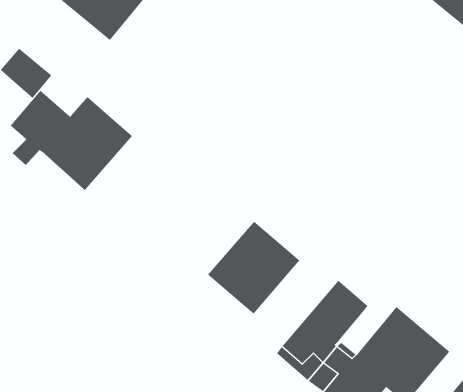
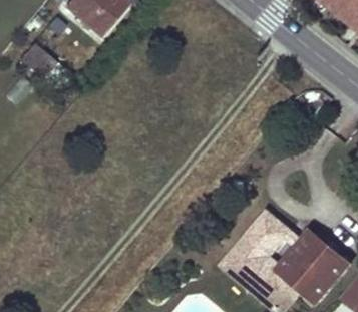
building: [10,90,133,191] -> none
building: [207,221,300,314] -> none

